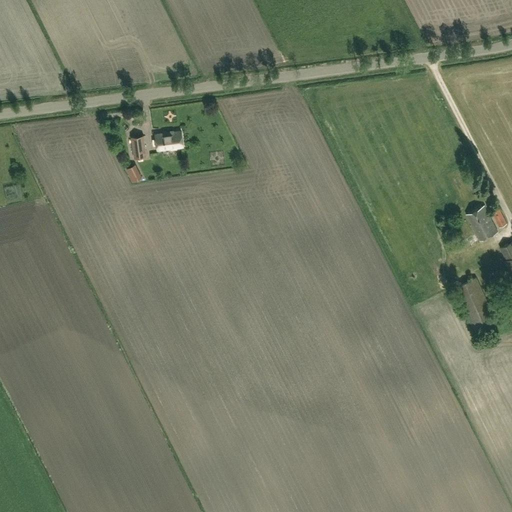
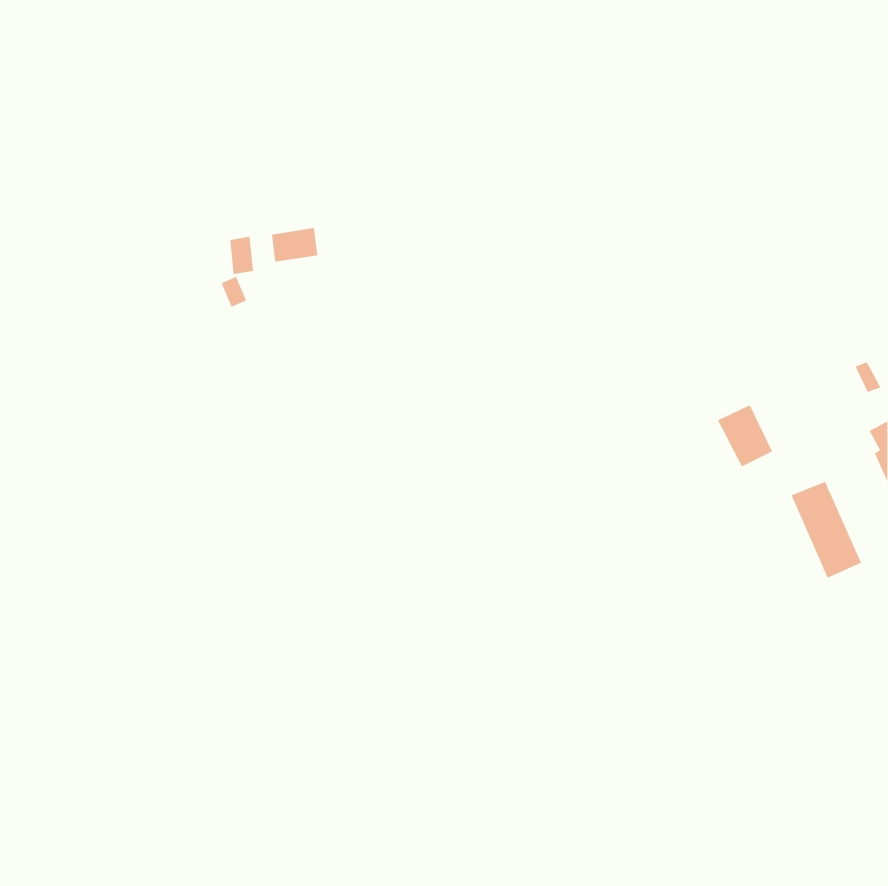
building: [466,205,498,241] -> [717,405,773,467]

